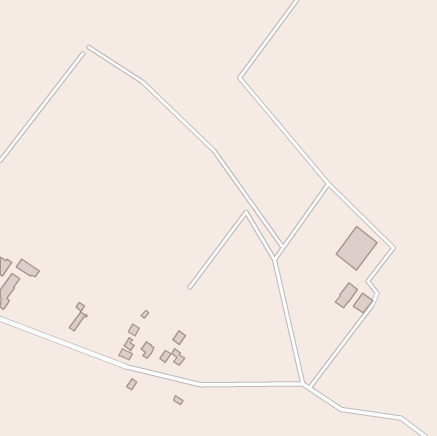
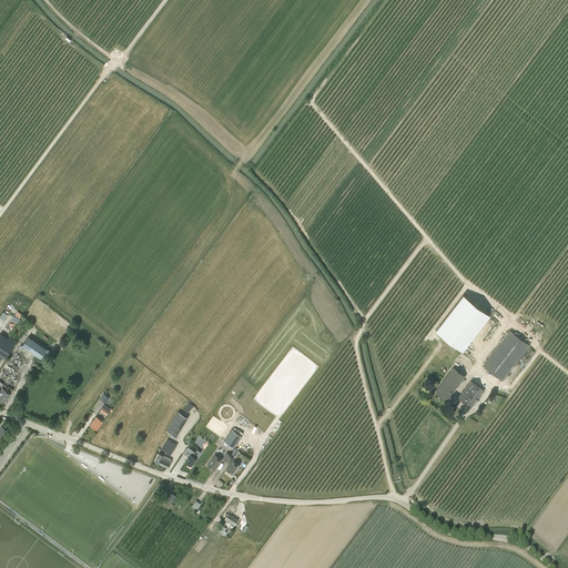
building: none -> [483,332,528,382]

